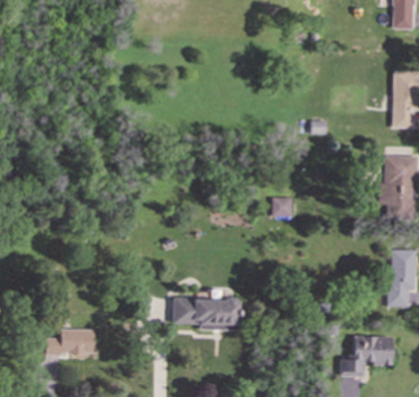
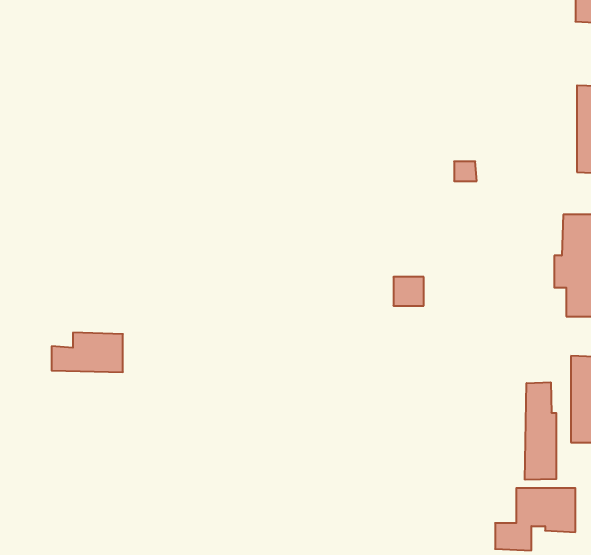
building: none -> [525,382,556,480]
building: [172,298,238,330] -> none
building: [46,328,93,354] -> [52,333,123,372]

